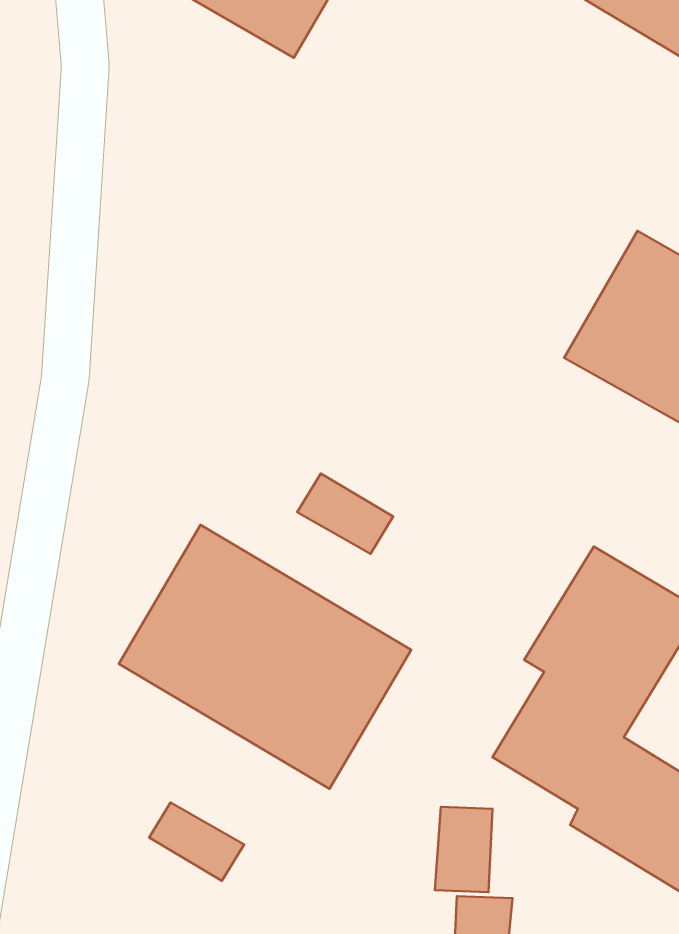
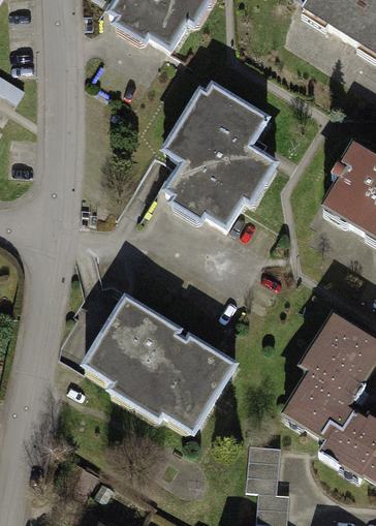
building: none -> [162,83,275,229]
building: [297,474,393,554] -> none
building: [149,802,244,881] -> none

